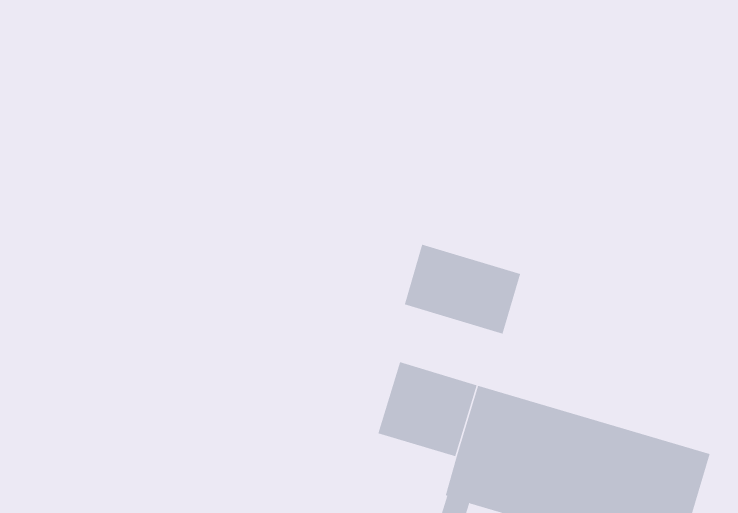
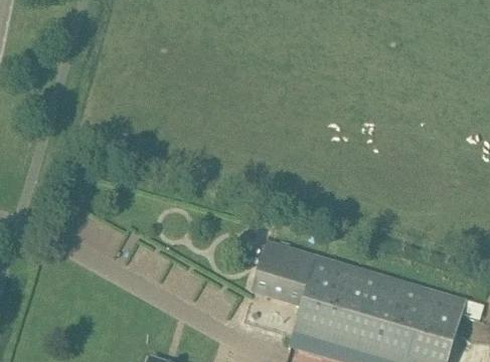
building: [404,244,521,335] -> none

